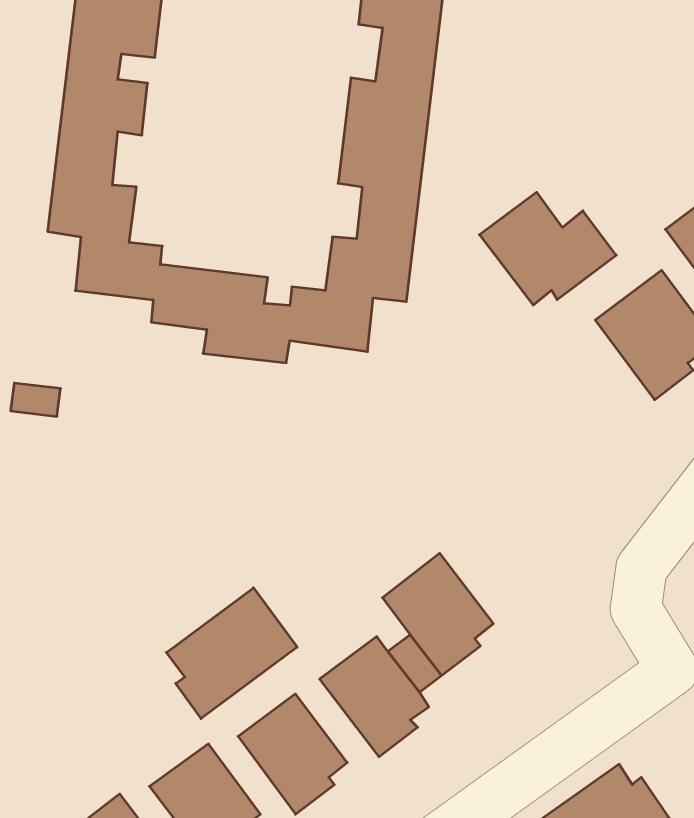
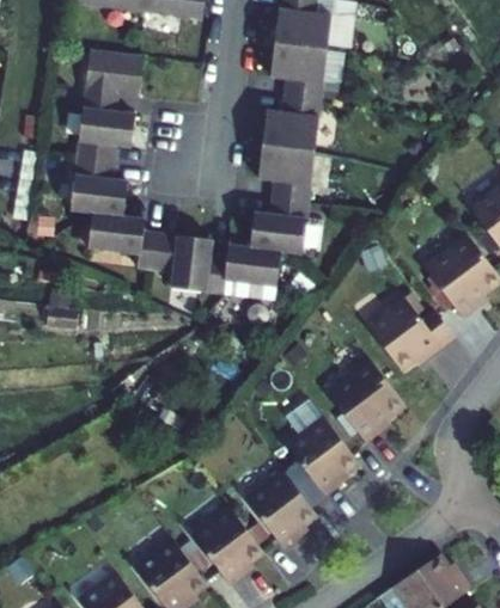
building: [479,192,616,305] -> [367,297,456,370]
building: none -> [328,358,406,443]
building: [166,588,297,719] -> none

